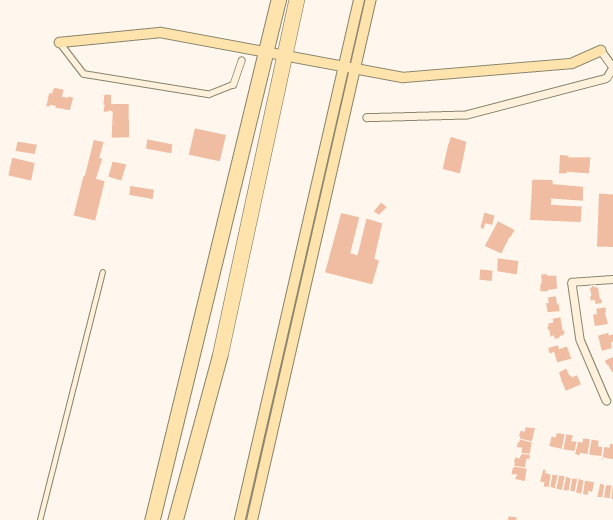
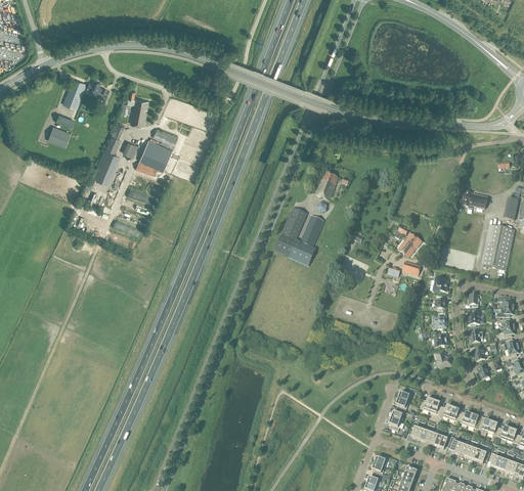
building: none -> [63,78,86,108]
building: [188,128,227,162] -> [140,139,172,168]
building: [442,136,467,174] -> [315,171,338,200]
building: [529,179,583,223] -> none

